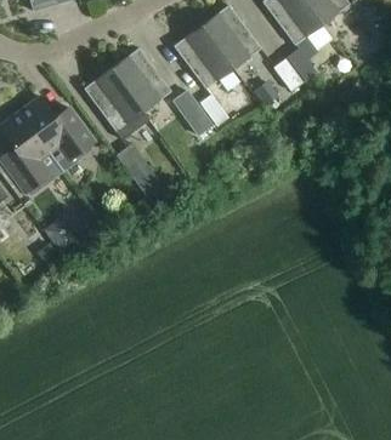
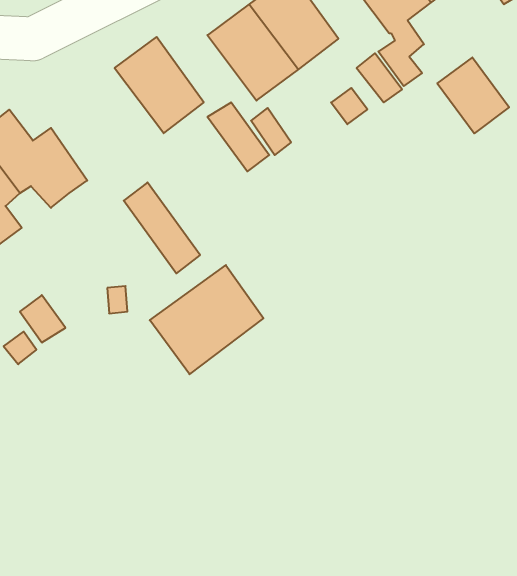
building: none -> [437,57,509,133]
building: [84,68,144,132] -> none
building: none -> [150,265,263,374]

